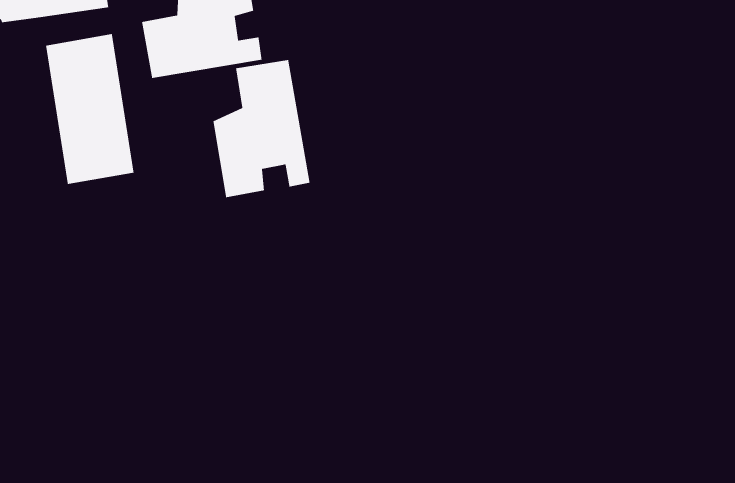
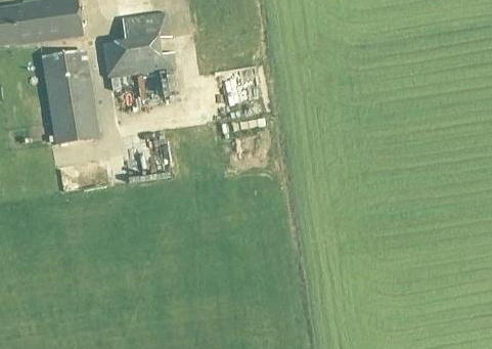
building: [212,59,310,198] -> none

